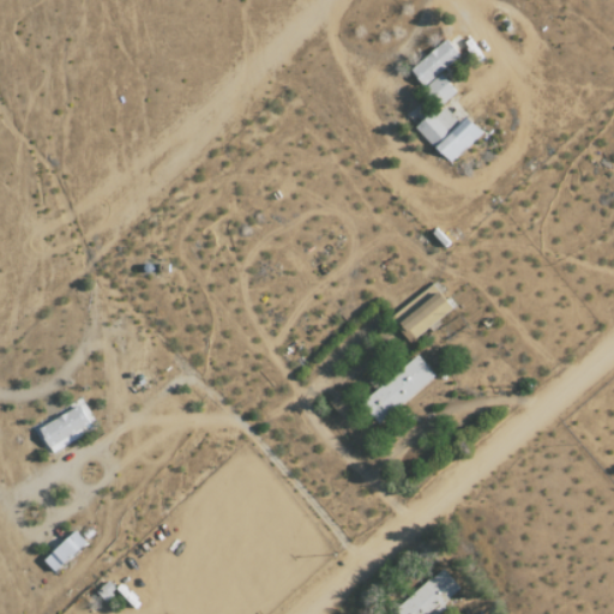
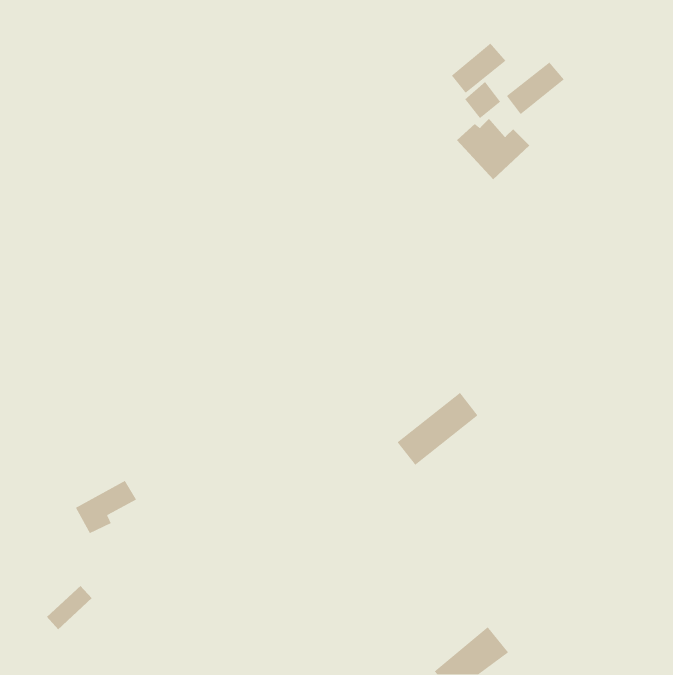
building: none -> [506,61,565,115]
building: [402,294,455,337] -> none
building: [40,403,96,452] -> [75,480,137,534]

